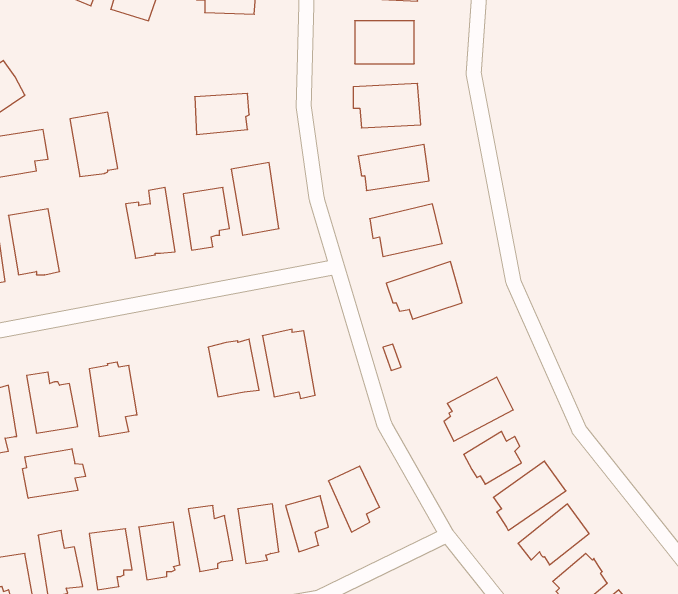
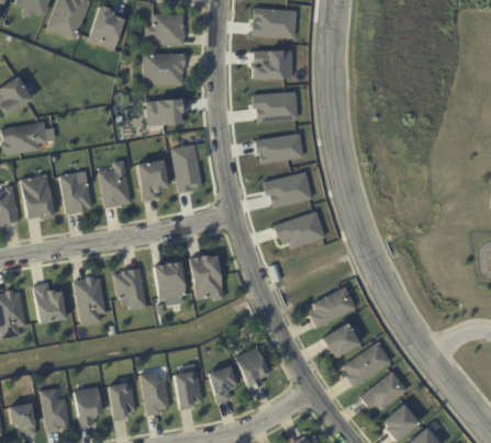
building: none -> [144,53,186,83]
building: [70,112,118,177] -> [60,171,92,214]
building: none -> [114,268,147,310]
building: [23,449,86,498] -> none

